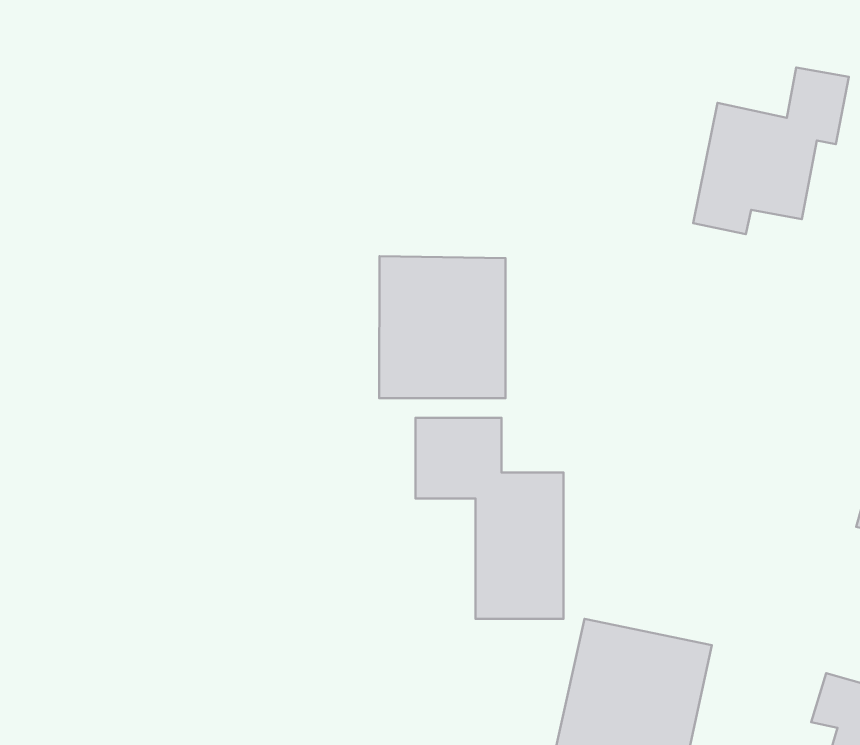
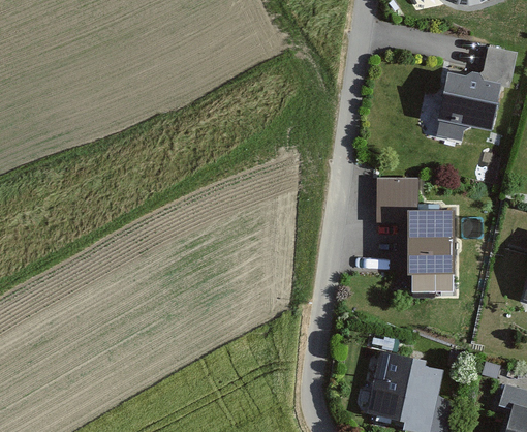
building: [379,256,505,398] -> none
building: [415,418,563,619] -> [373,175,455,285]

